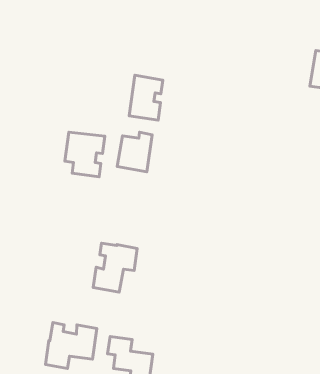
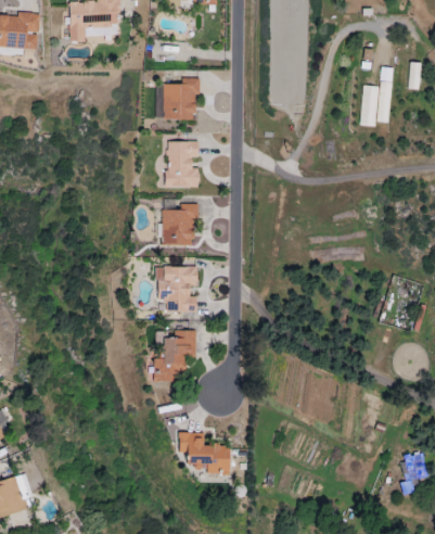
building: none -> [164,78,200,119]
building: [65,132,105,177] -> [156,266,196,312]
building: [46,323,97,369] -> none

